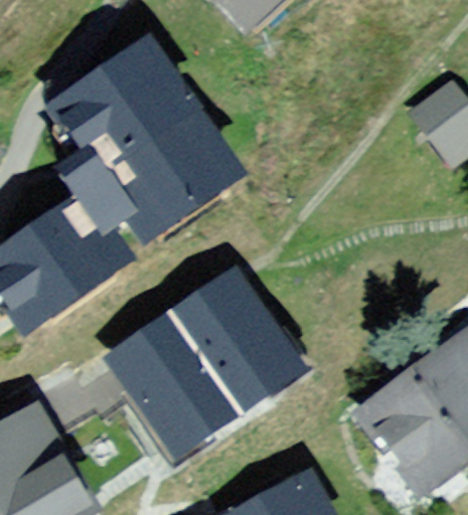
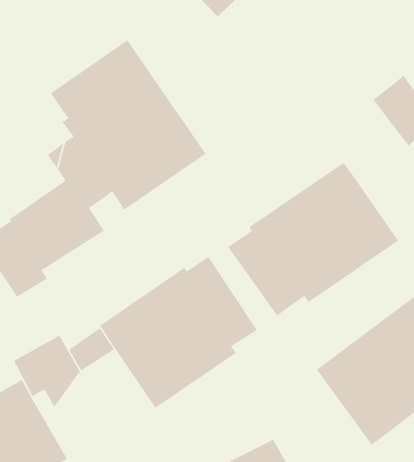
building: none -> [227,162,399,317]

